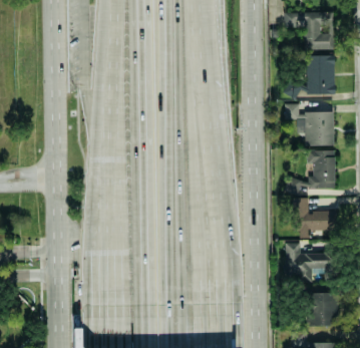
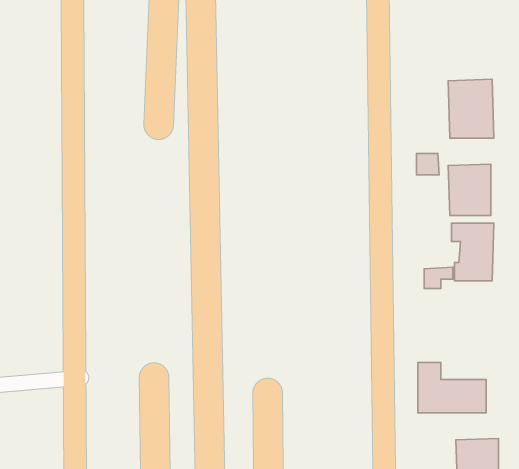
building: [285,12,335,50] -> none
building: [294,198,338,239] -> none

